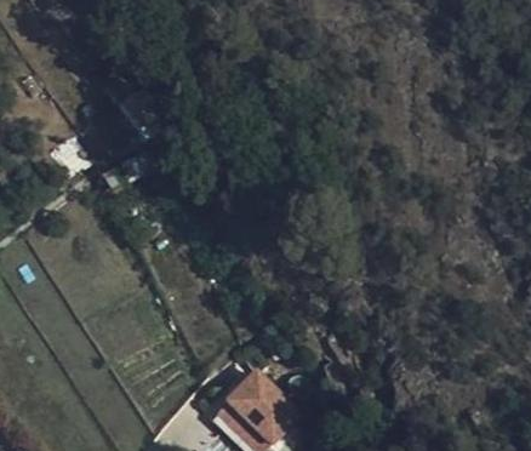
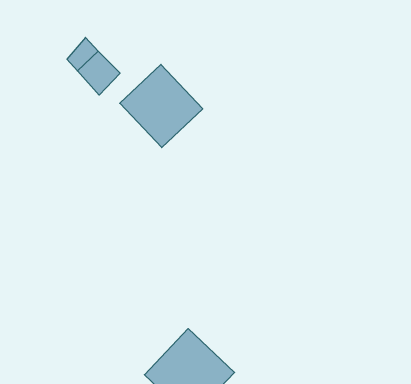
building: none -> [120,64,203,148]

